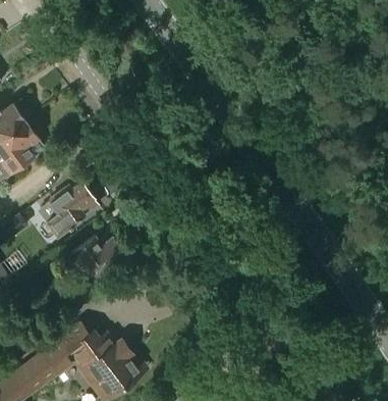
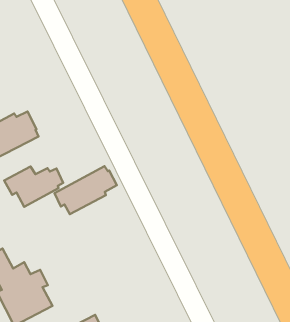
building: none -> [55,166,117,214]

